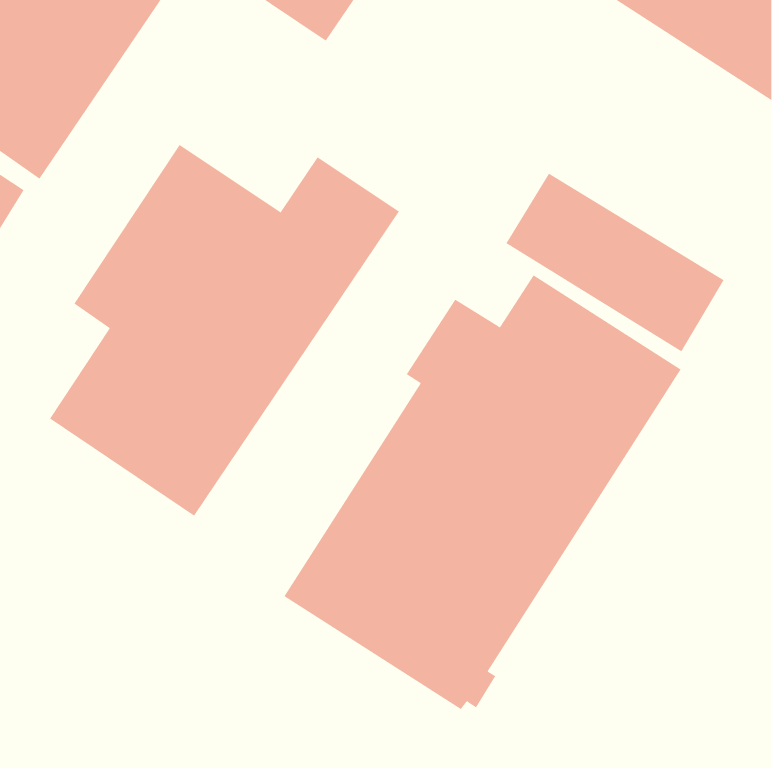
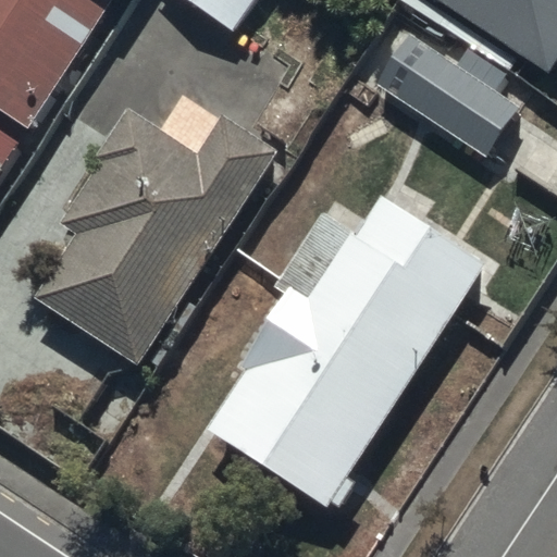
building: [506,173,725,352] -> [363,27,519,154]

